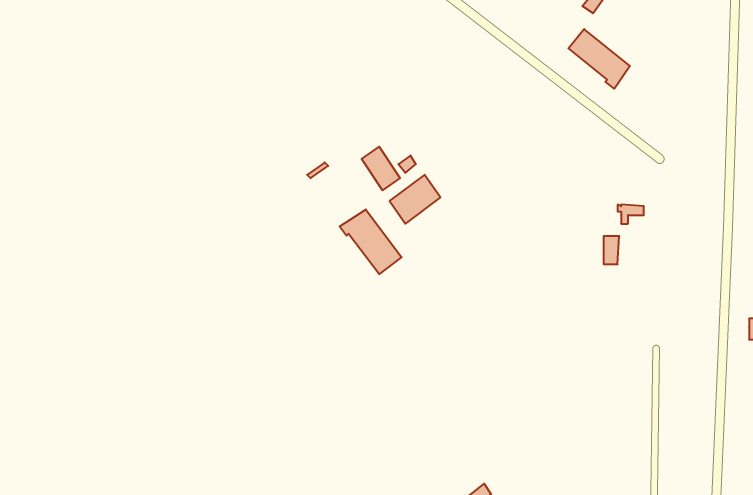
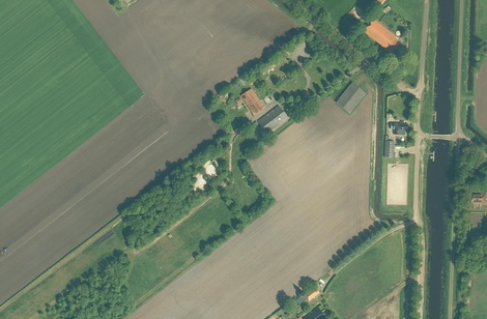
building: none -> [336,82,366,113]
building: [340,209,402,274] -> none

